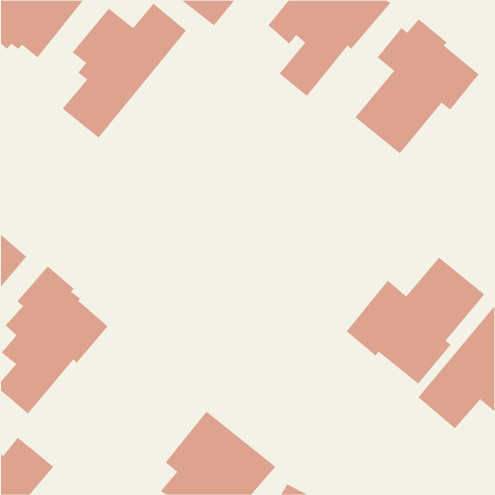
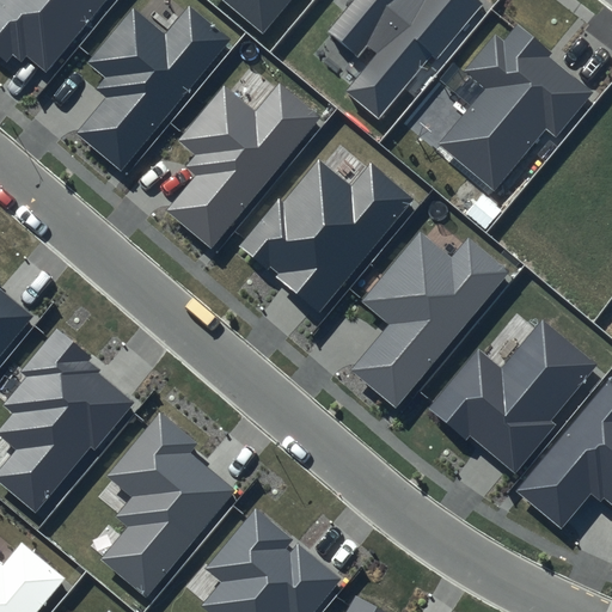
building: none -> [167,81,320,247]
building: none -> [238,158,415,314]
building: none -> [354,230,508,405]
building: none -> [98,411,238,600]

